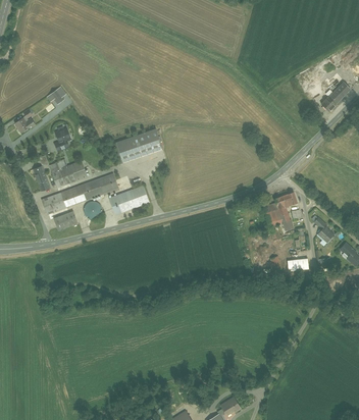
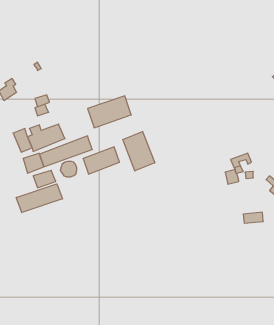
building: none -> [123,131,155,171]
building: none -> [16,184,63,213]

